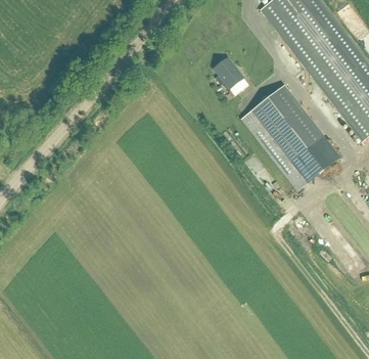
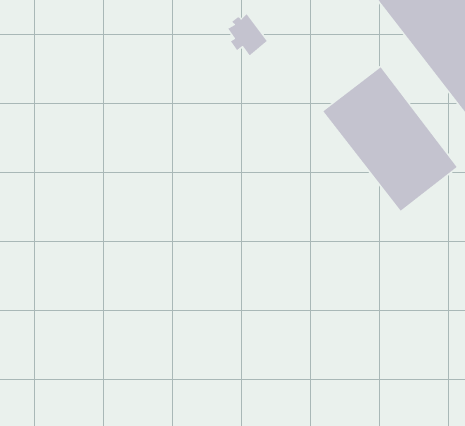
building: [214,56,243,88] -> [227,13,268,57]

